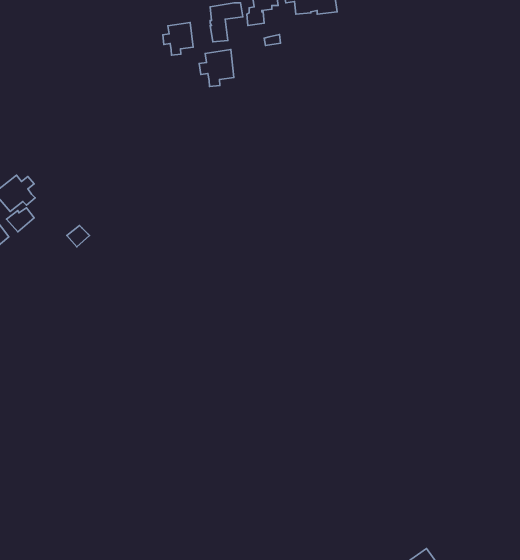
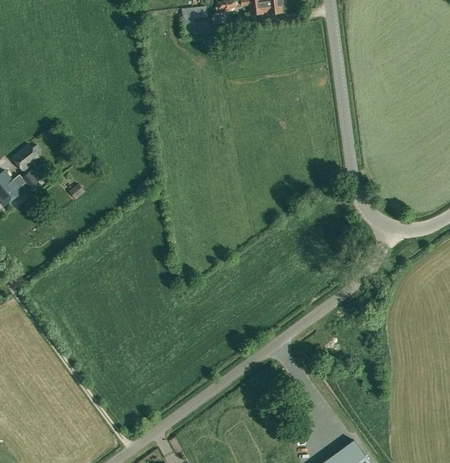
building: [163,23,193,55] -> none
building: [199,50,234,87] -> none

